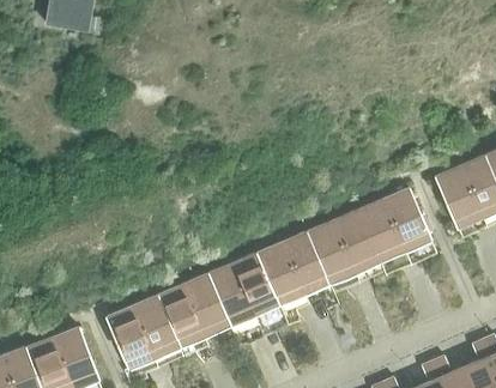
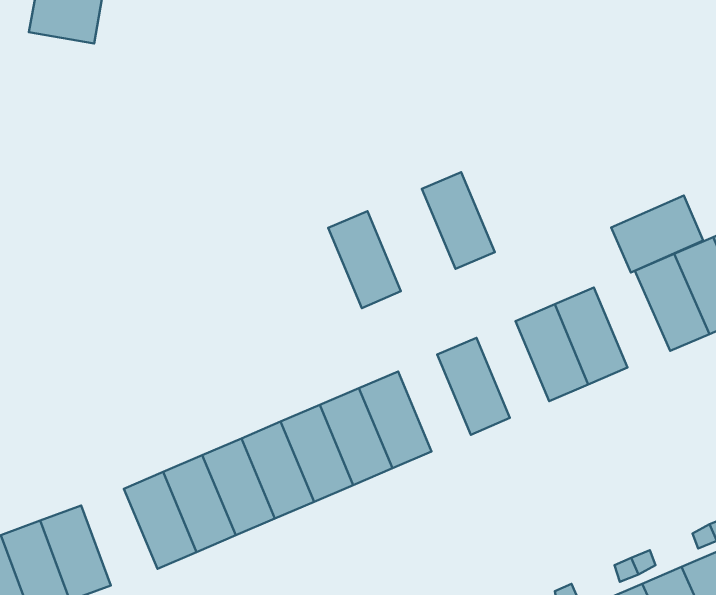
building: none -> [611,195,703,273]
building: [333,210,380,272] -> [422,172,495,269]
building: [283,231,329,293] -> [328,211,401,308]

